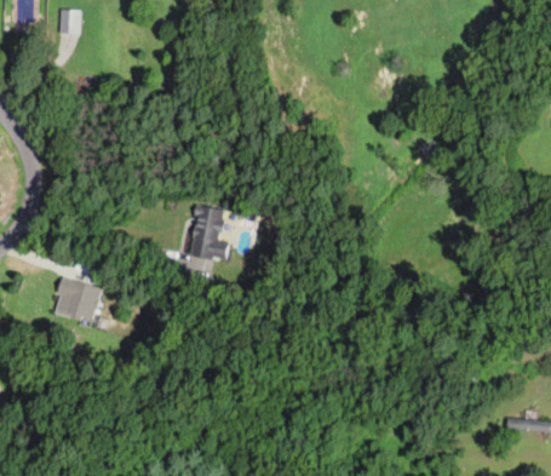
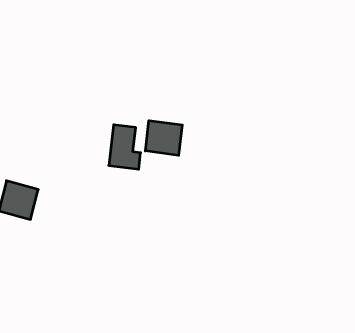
building: none -> [145,121,182,155]

